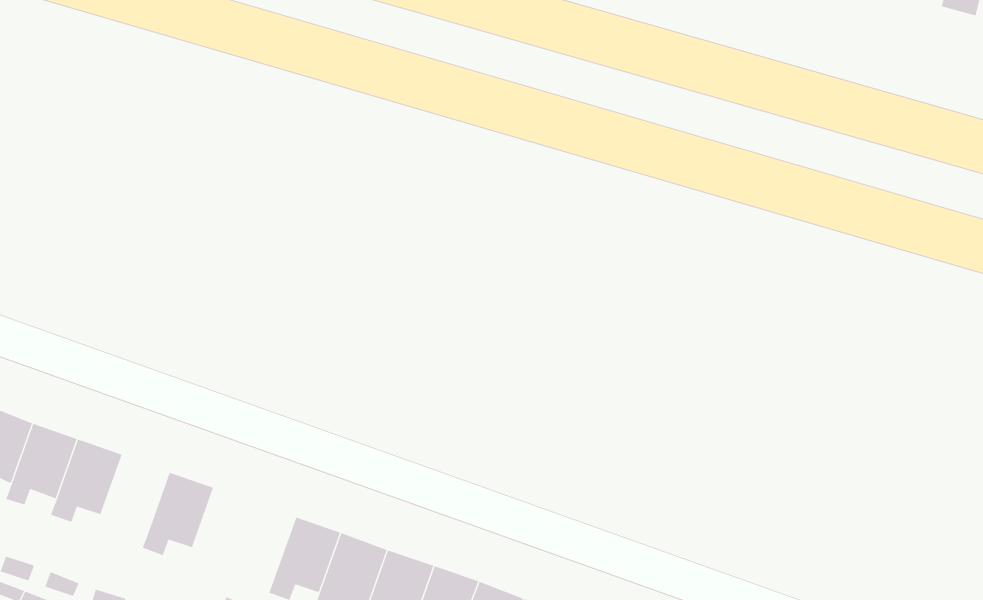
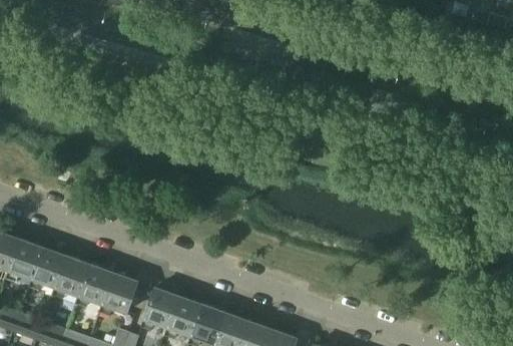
building: none -> [52,256,90,300]
building: none -> [99,273,137,316]

